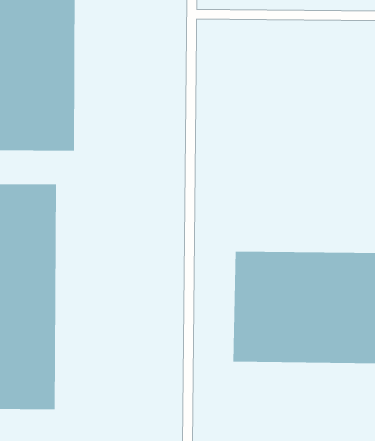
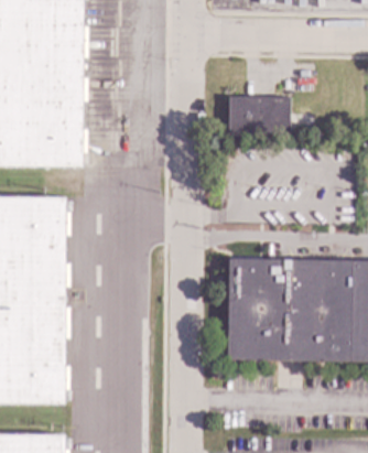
building: none -> [227,97,290,136]

